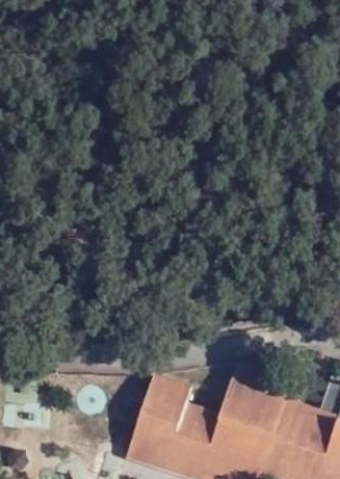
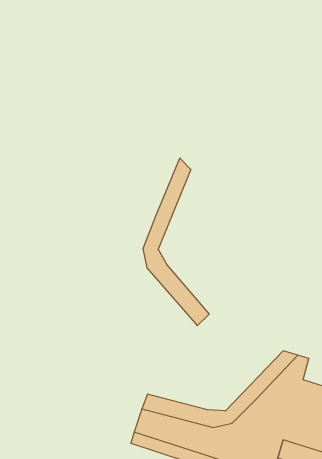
building: none -> [143,158,209,326]
building: [146,363,272,428] -> none

